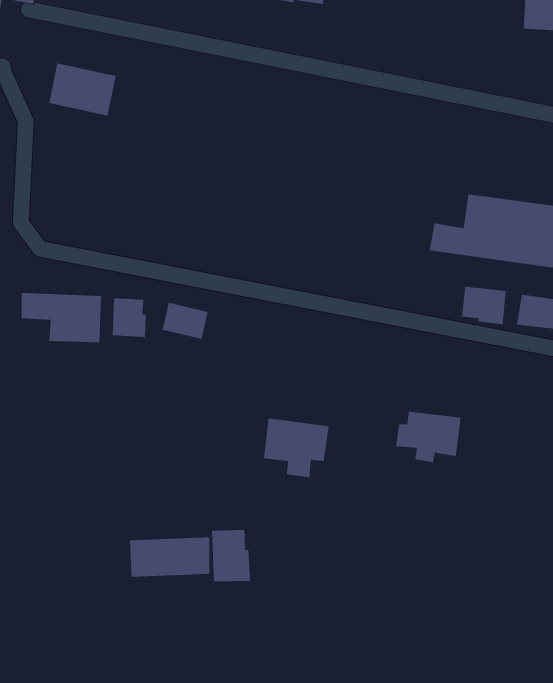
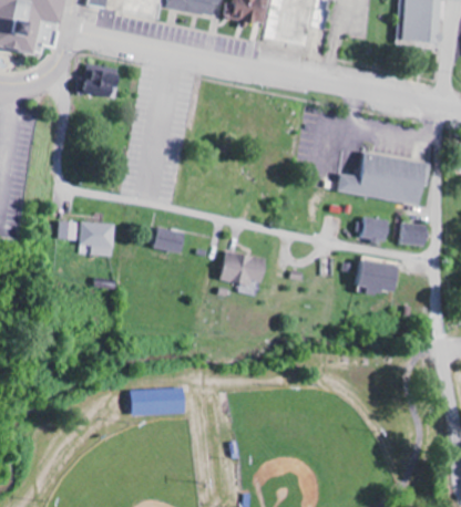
building: [112,298,146,338] -> none
building: [395,411,461,463] -> [354,260,399,296]
building: [263,418,329,478] -> [219,252,265,293]
building: [211,529,251,582] -> none

